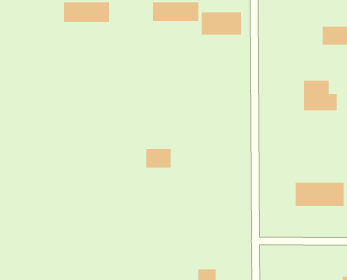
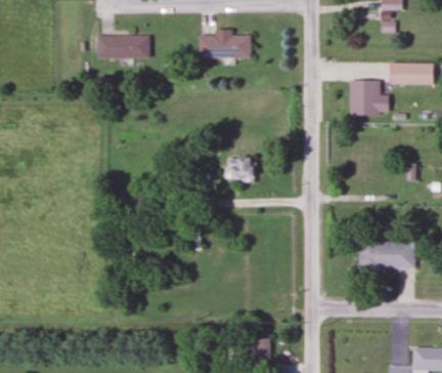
building: [201,11,241,35] -> none
building: [303,80,337,111] -> [350,80,389,115]
building: [145,148,172,168] -> [226,158,256,180]

